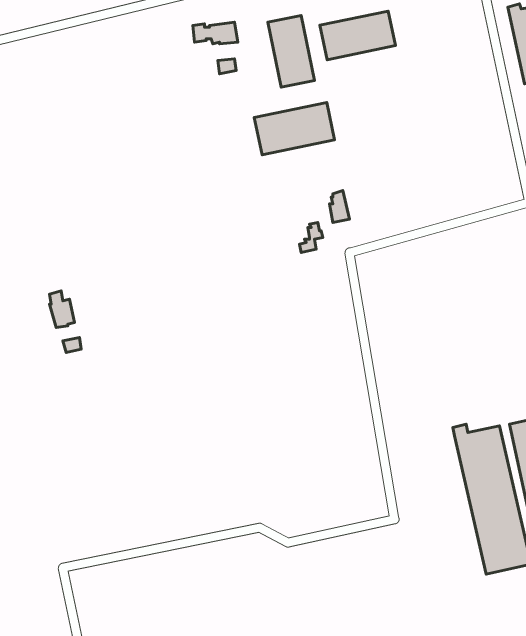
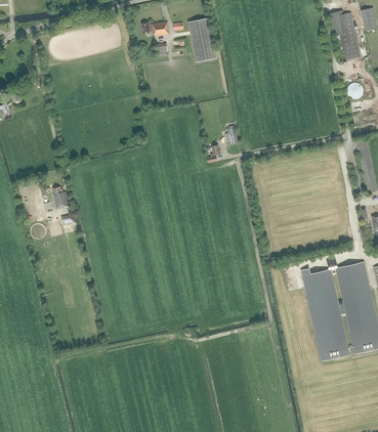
building: [320,11,395,60] -> none
building: [254,102,335,155] -> none

